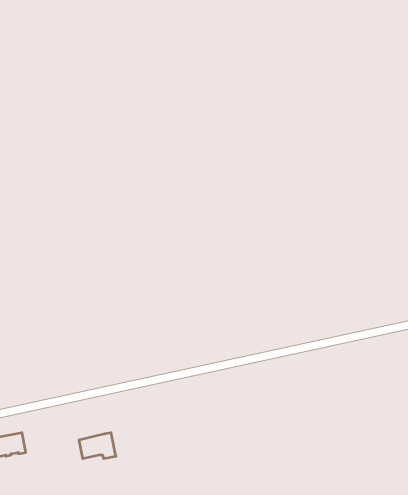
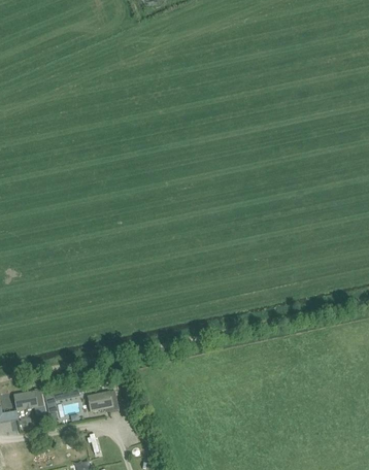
building: none -> [44,385,78,412]

